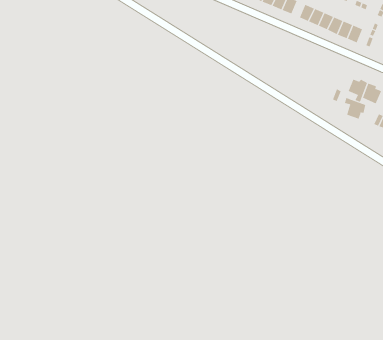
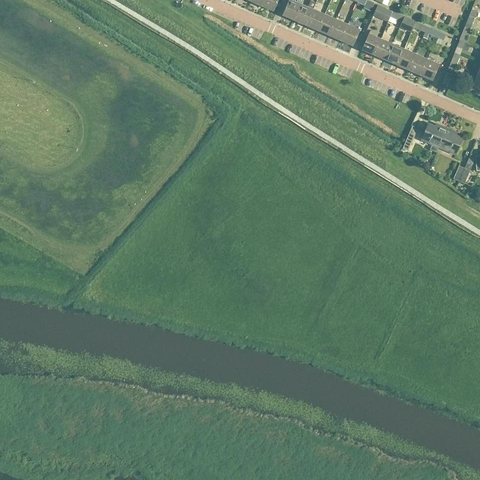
building: [344,97,366,119] -> none

